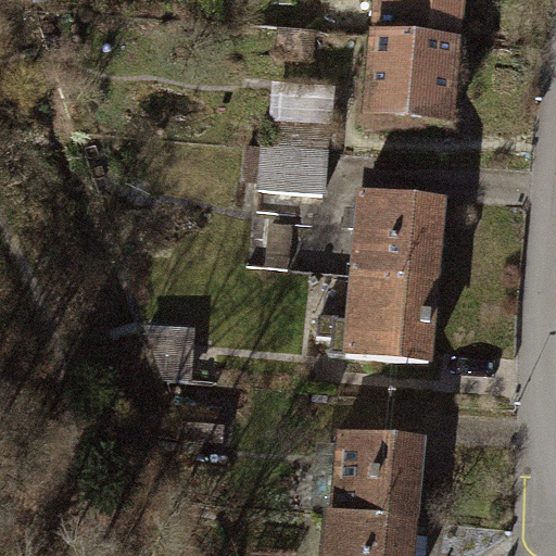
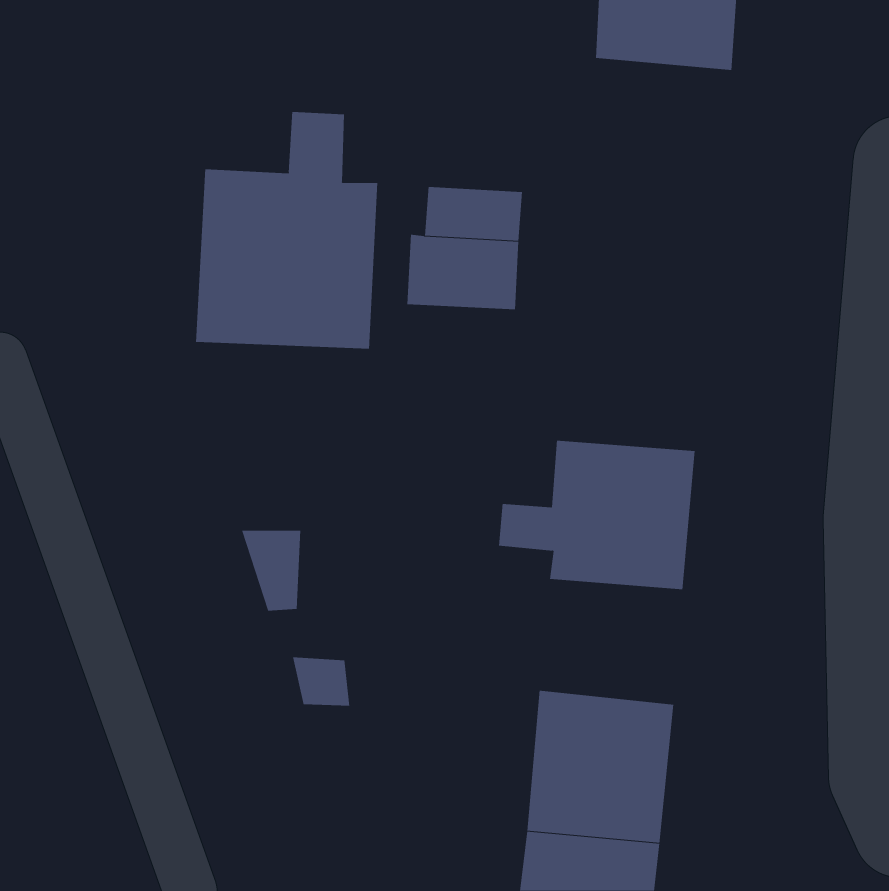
building: [366,36,458,128] -> none
building: none -> [195,111,378,349]
building: [350,189,442,278] -> none

